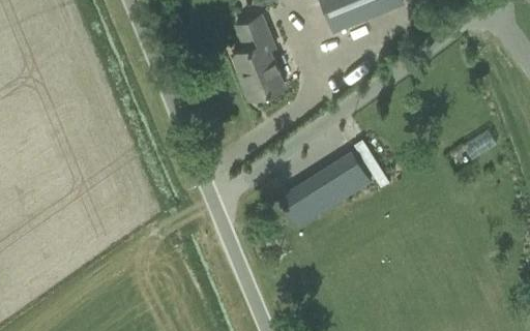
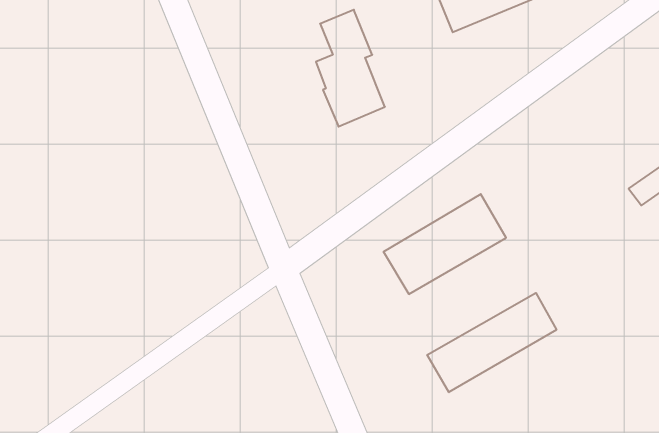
building: none -> [427,293,556,392]

